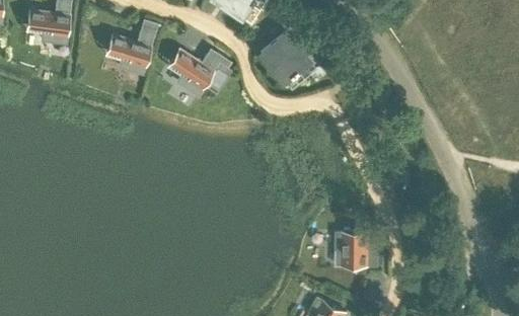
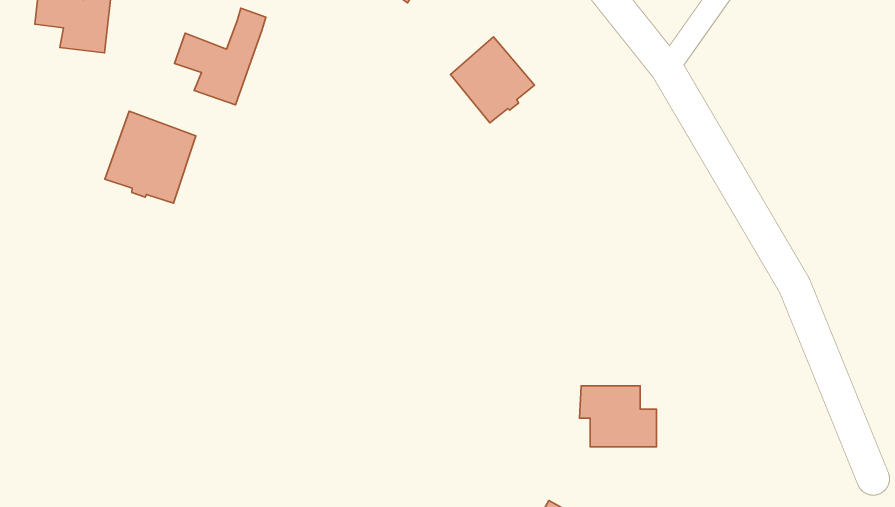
building: [170,51,231,97] -> none
building: none -> [105,111,196,203]

